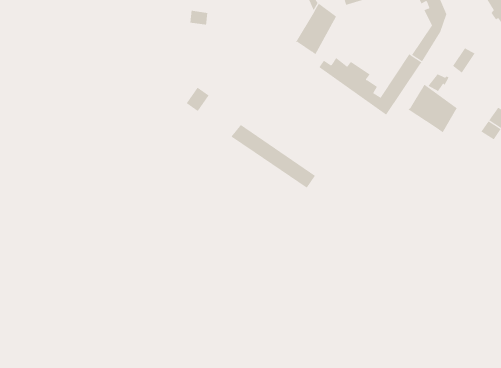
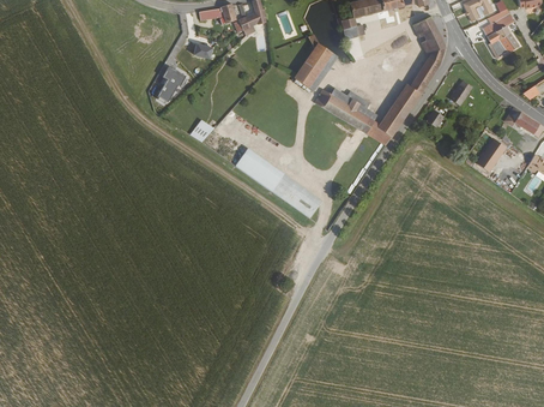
building: none -> [156,66,187,102]
building: [407,84,457,133] -> none

